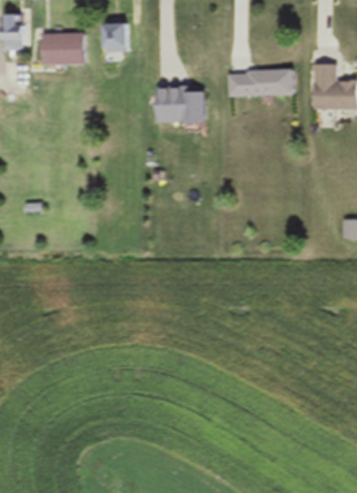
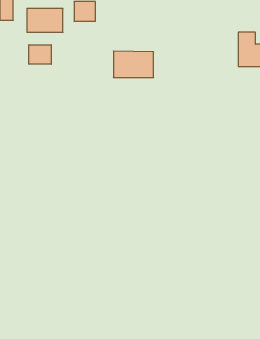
building: [229,70,292,96] -> none
building: none -> [29,45,51,64]

